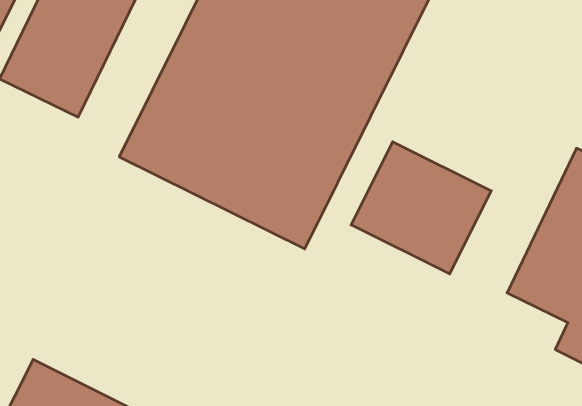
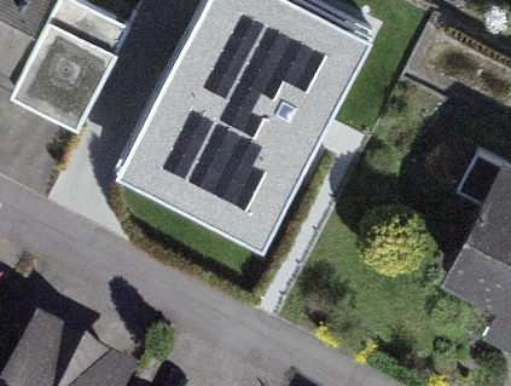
building: [351,142,491,274] -> none

